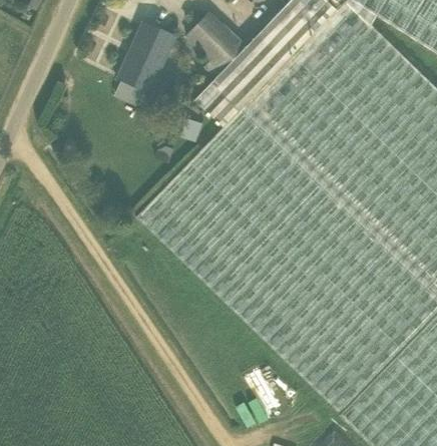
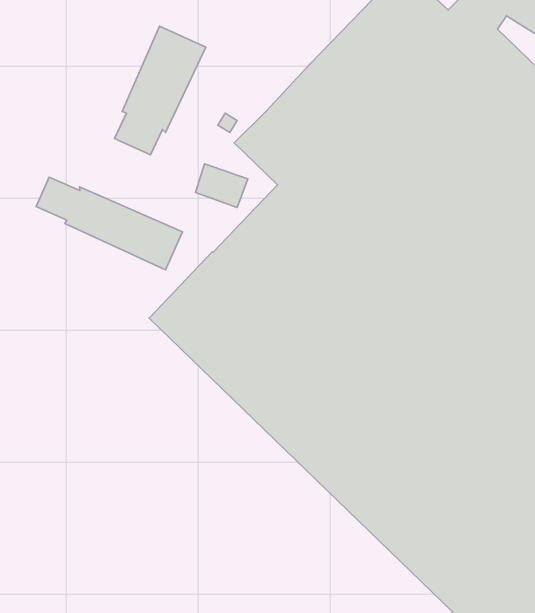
building: [186,11,246,78] -> none
building: none -> [36,177,182,270]

